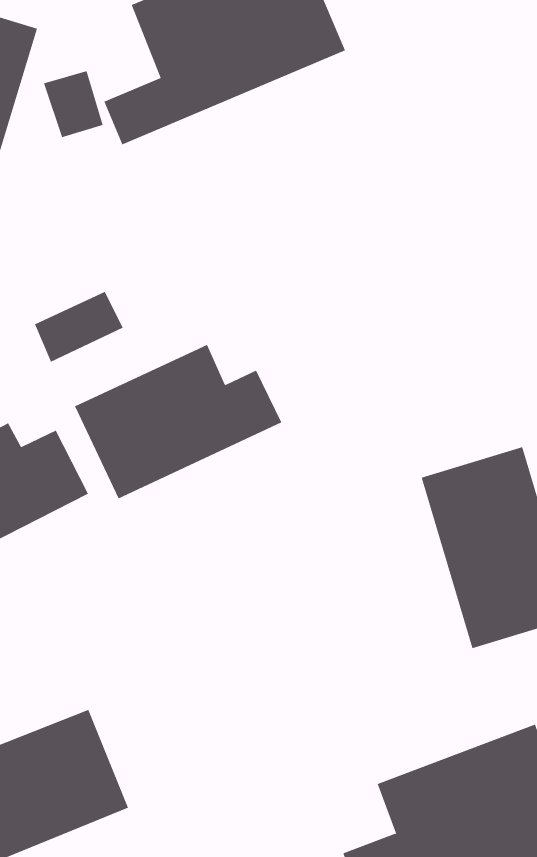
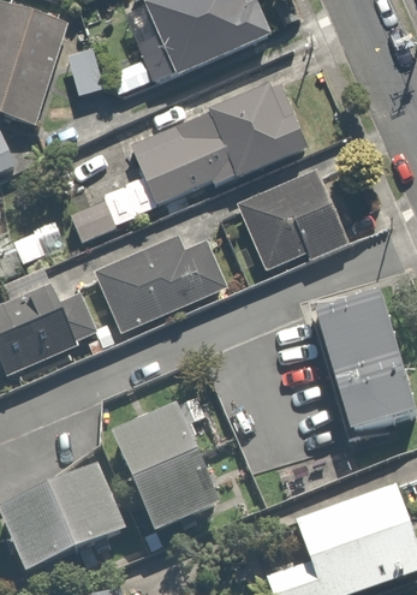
building: none -> [129,77,312,212]
building: none -> [233,171,346,278]
building: none -> [113,412,219,528]

